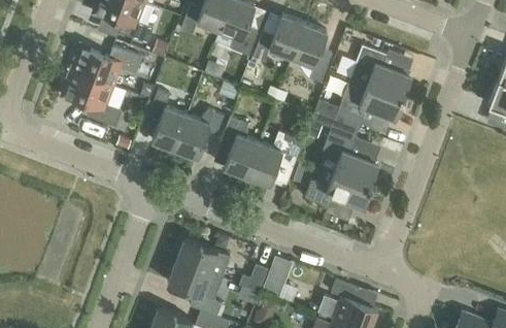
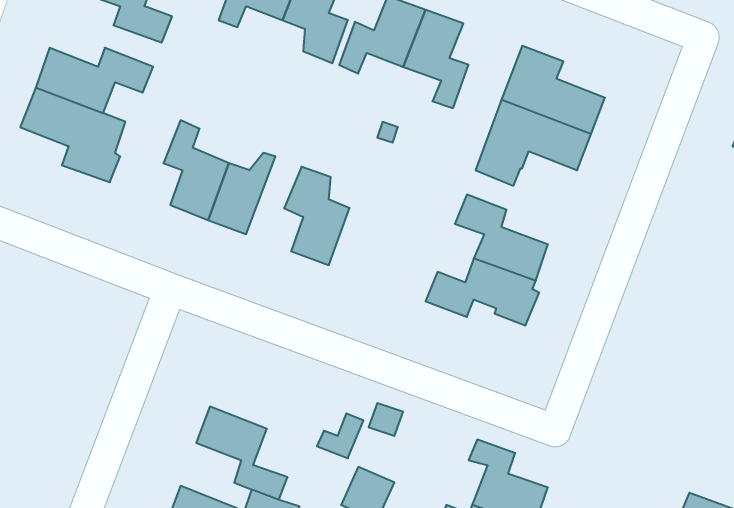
building: [247,131,304,185] -> none
building: [176,239,230,278] -> none

